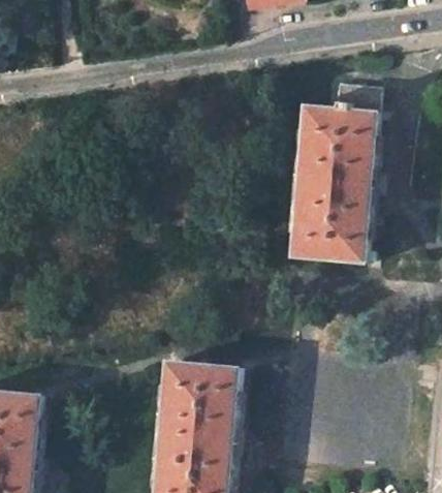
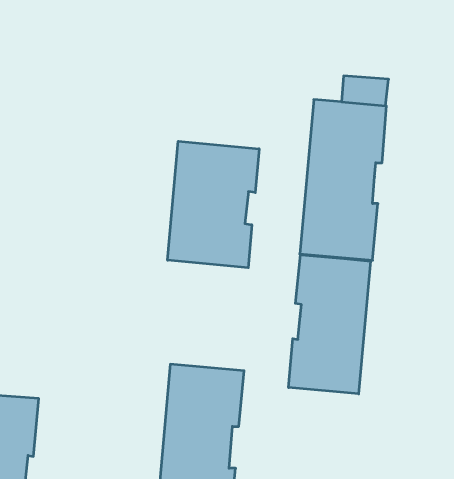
building: none -> [168,141,259,268]
building: none -> [289,255,370,394]

